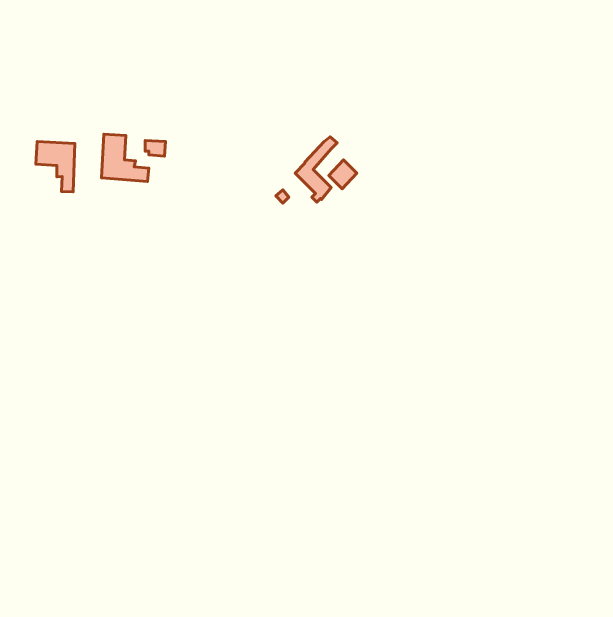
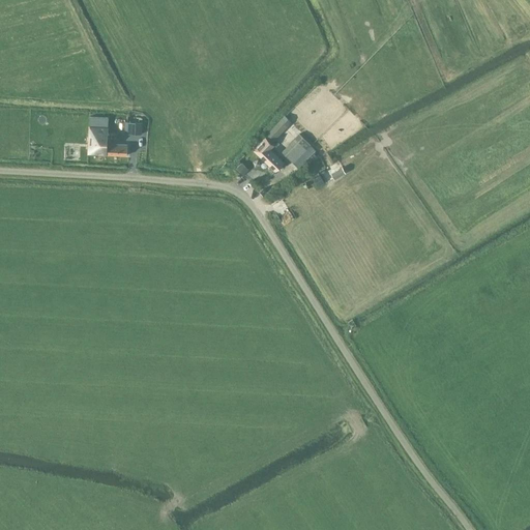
building: [36,141,75,192] -> none

